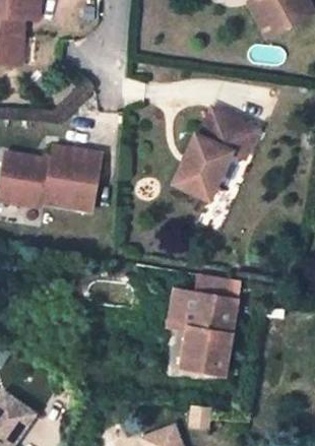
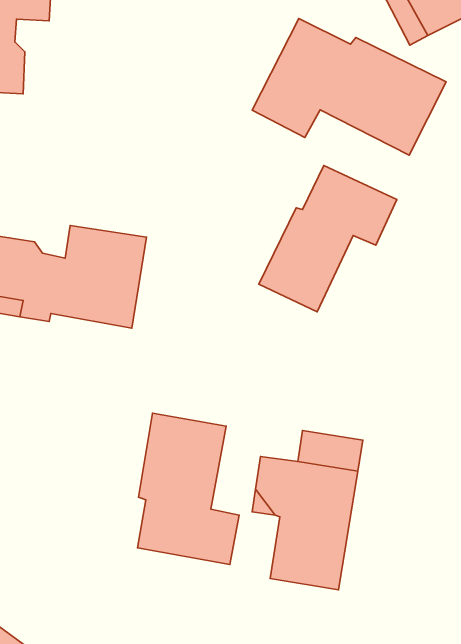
building: none -> [252,18,446,155]
building: none -> [138,413,239,564]

